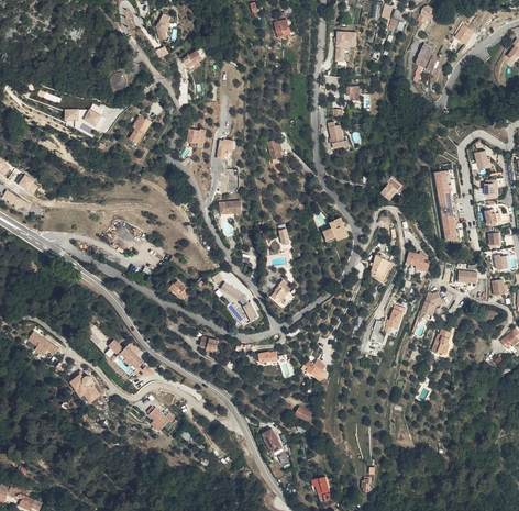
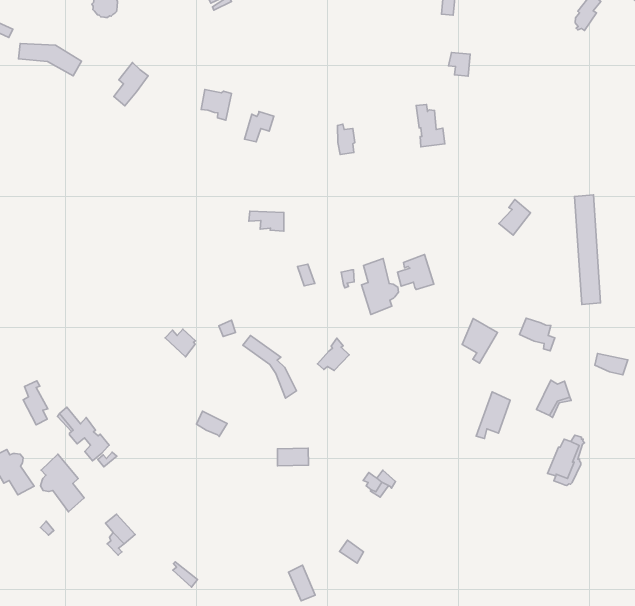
building: none -> [362,259,398,314]
building: none -> [41,454,84,512]

